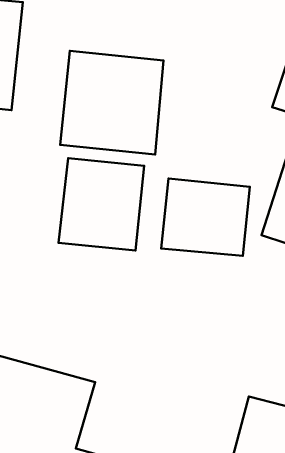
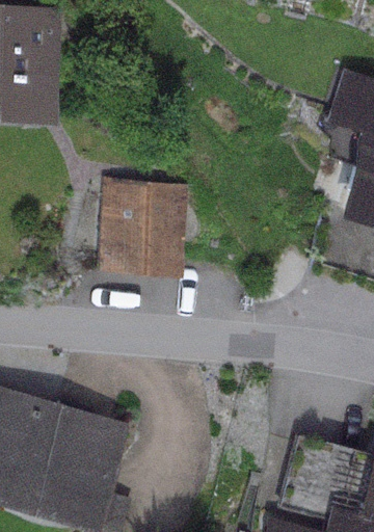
building: [60,51,164,155] -> none
building: [161,178,250,256] -> none

